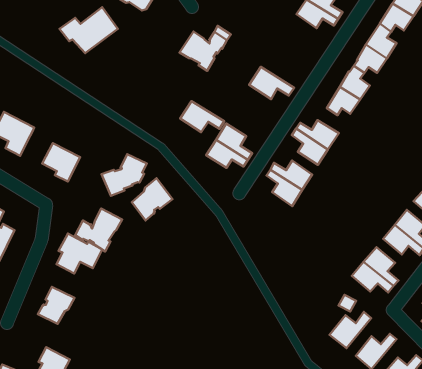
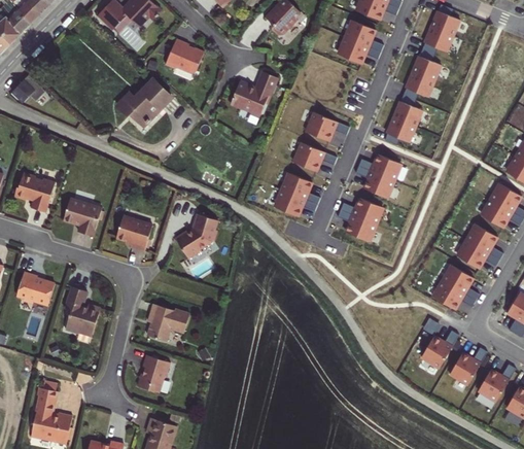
building: [180,101,224,132] -> [292,140,336,169]
building: [132,178,172,220] -> none
building: [75,209,122,251] -> none

